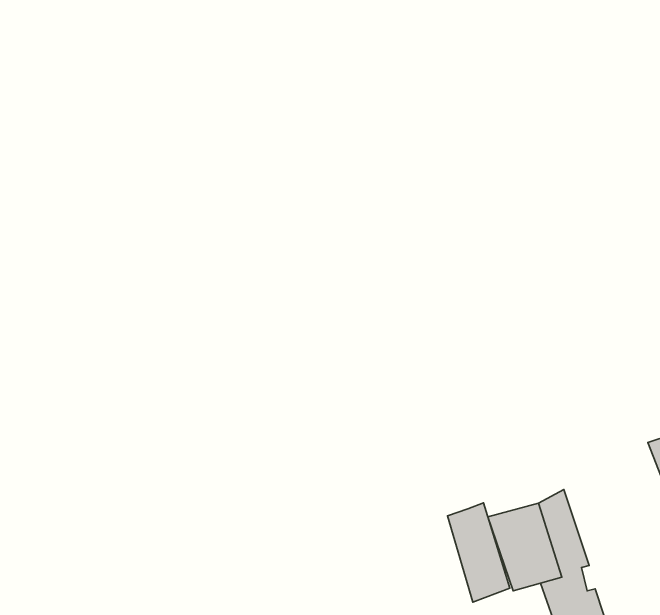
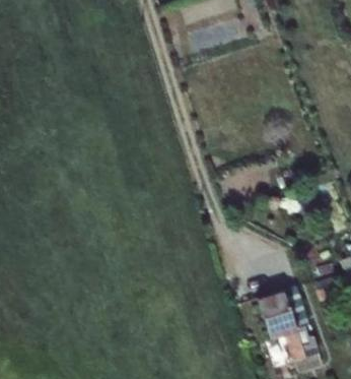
building: [448,503,510,602] -> none

